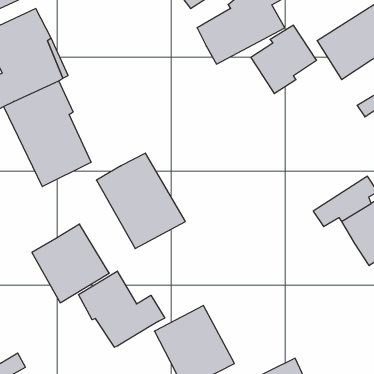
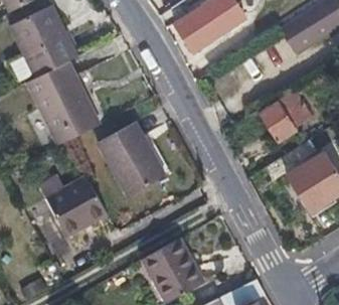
building: [251,25,317,94] -> [260,90,311,143]
building: [78,271,165,347] -> none

